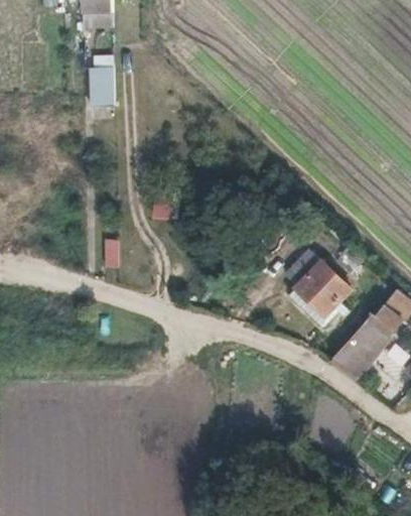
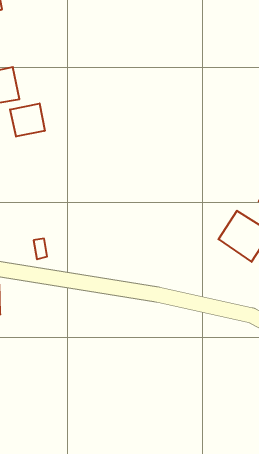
building: none -> [10,103,45,137]

